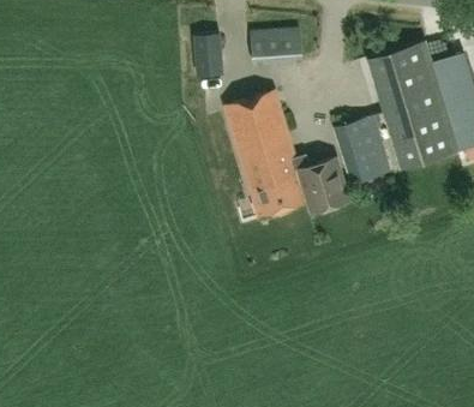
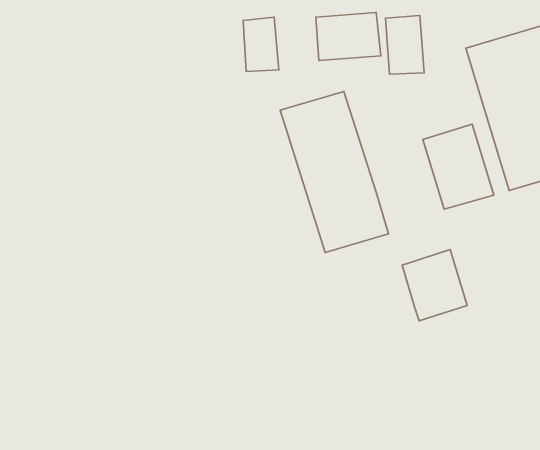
building: none -> [385,15,424,74]
building: [299,157,349,213] -> [402,250,467,321]

